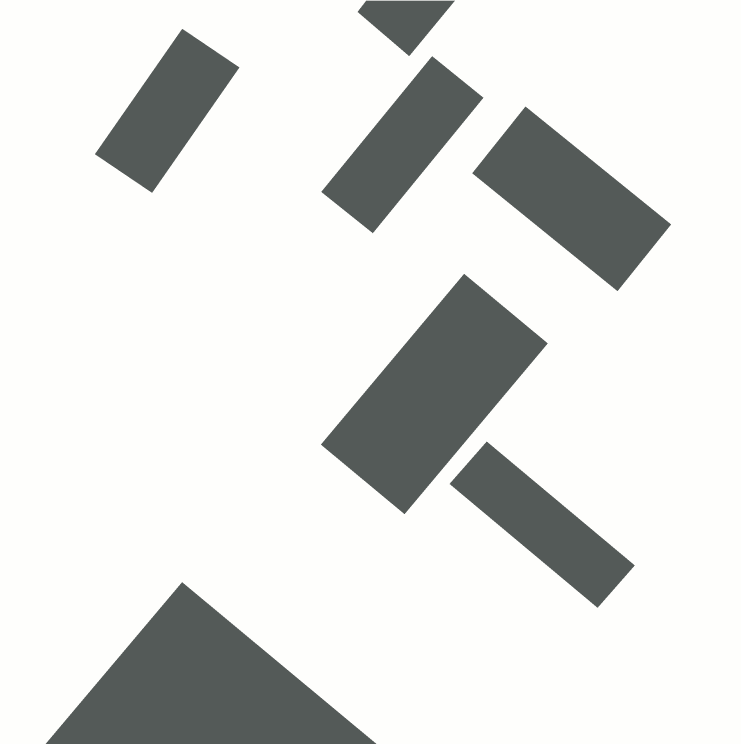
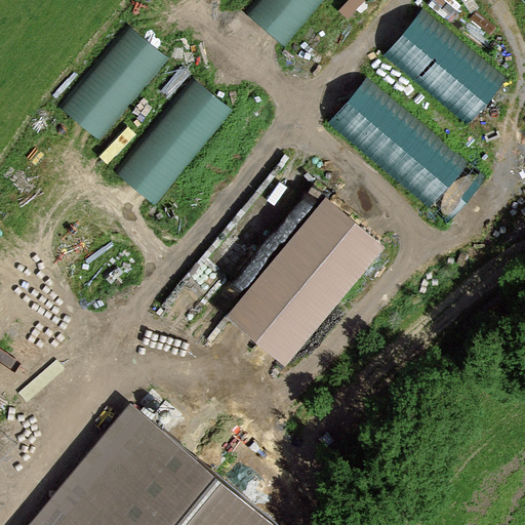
building: none -> [383,9,508,124]
building: [320,55,485,234] -> [119,77,234,202]
building: [449,440,636,609] -> none

